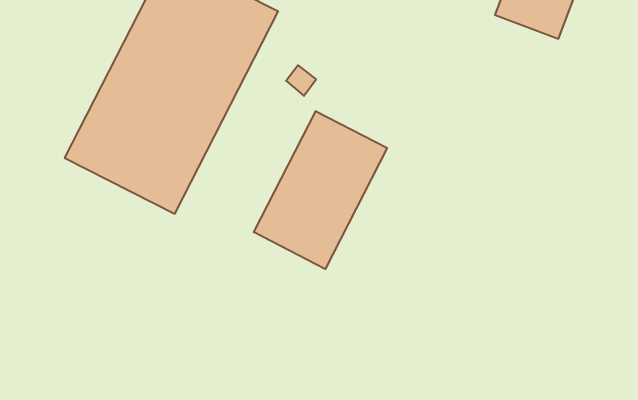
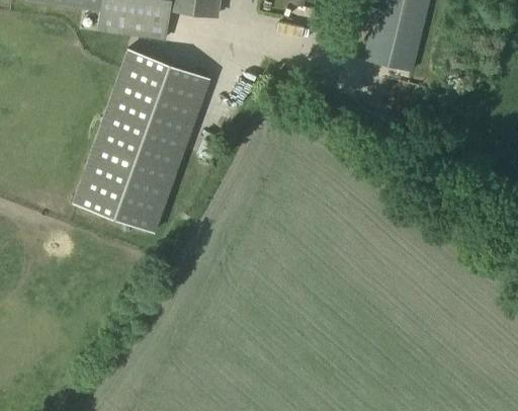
building: [254,111,387,269] -> none

